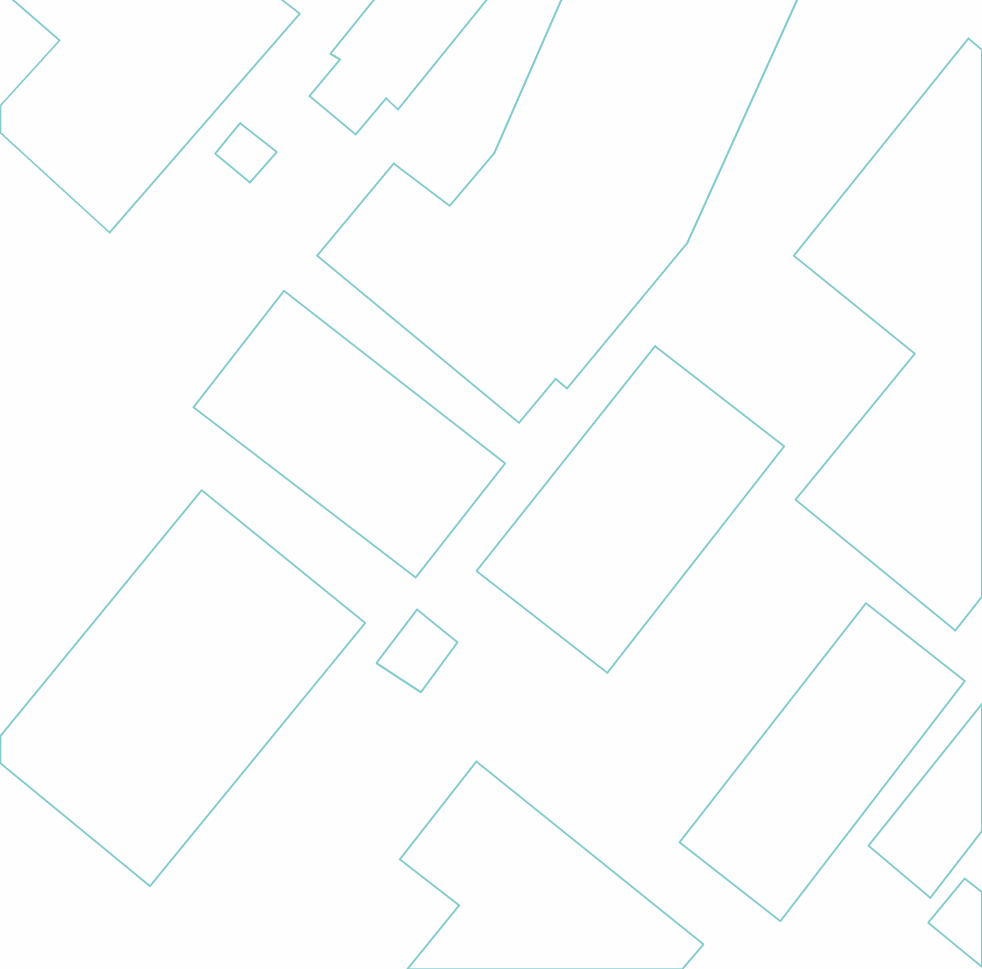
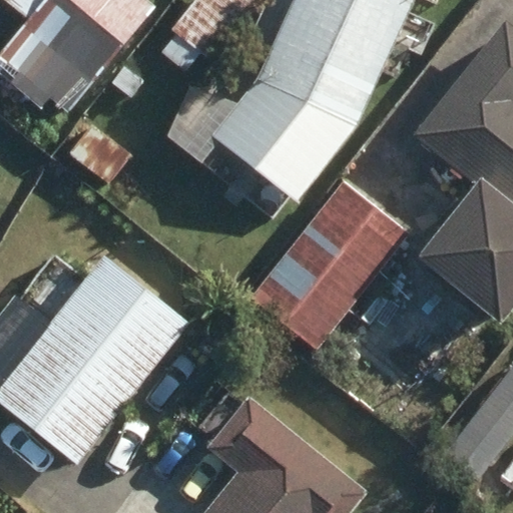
building: [193,291,505,578] -> none
building: [679,603,965,921] -> none

